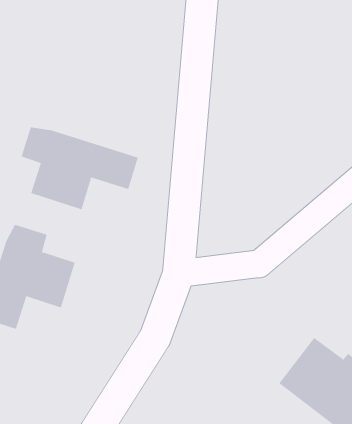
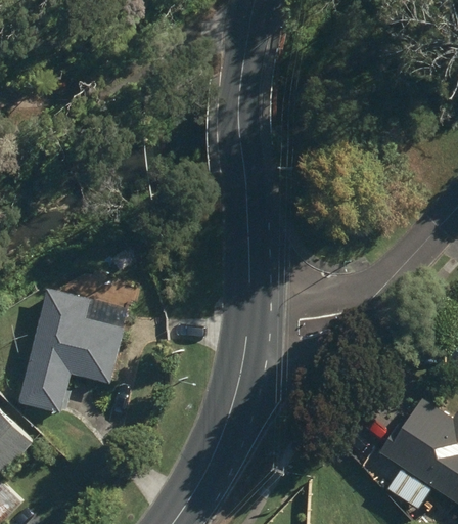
building: [21,126,138,210] -> none

